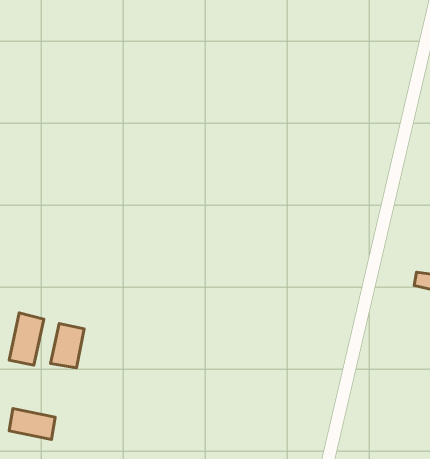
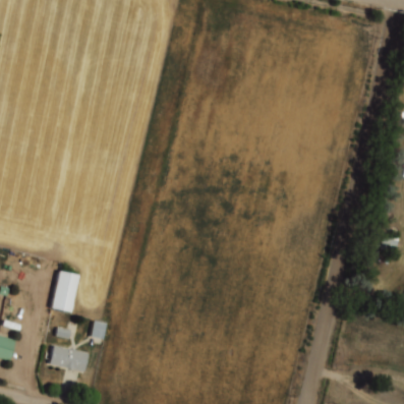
building: [51,323,84,368] -> none

